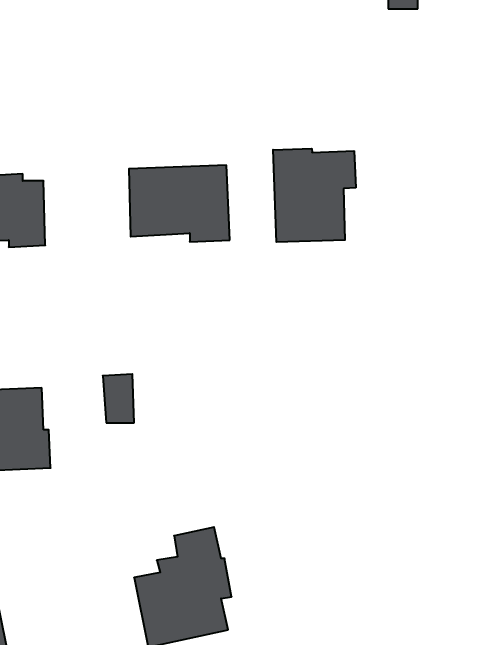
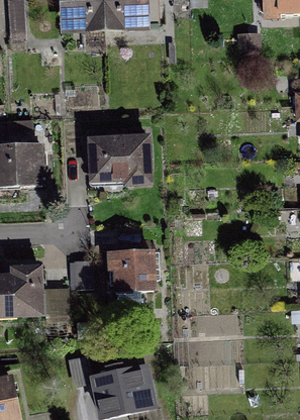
building: [273,149,356,242] -> none
building: none -> [106,251,156,308]

